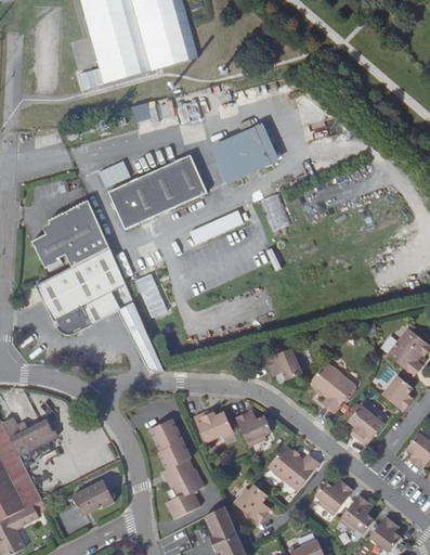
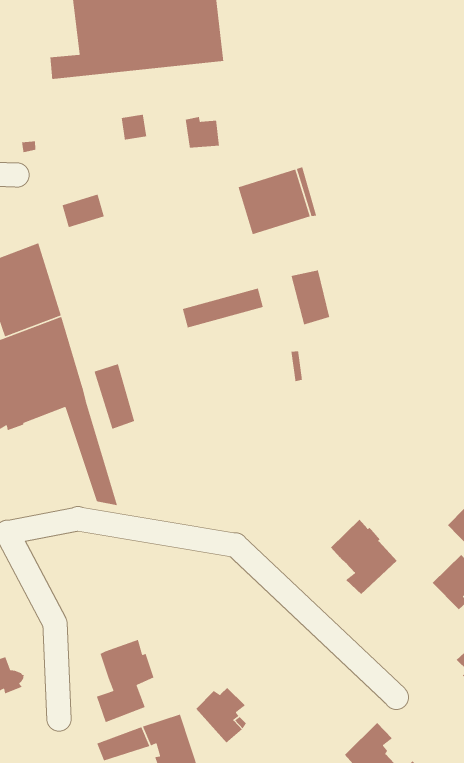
building: [108,154,207,229] -> none
building: [270,347,303,377] -> none
building: [344,406,381,448] -> none
building: [193,410,233,441] -> none
building: [235,411,271,446] -> none
building: [148,416,192,469] -> none
building: [266,446,318,490] -> none
building: [313,481,352,516] -> none

